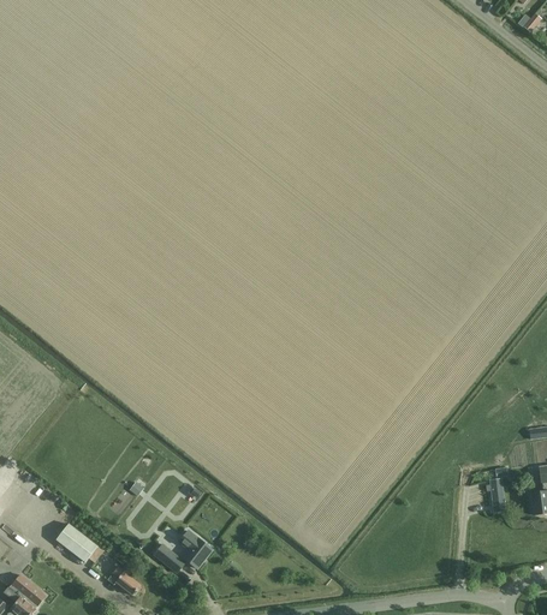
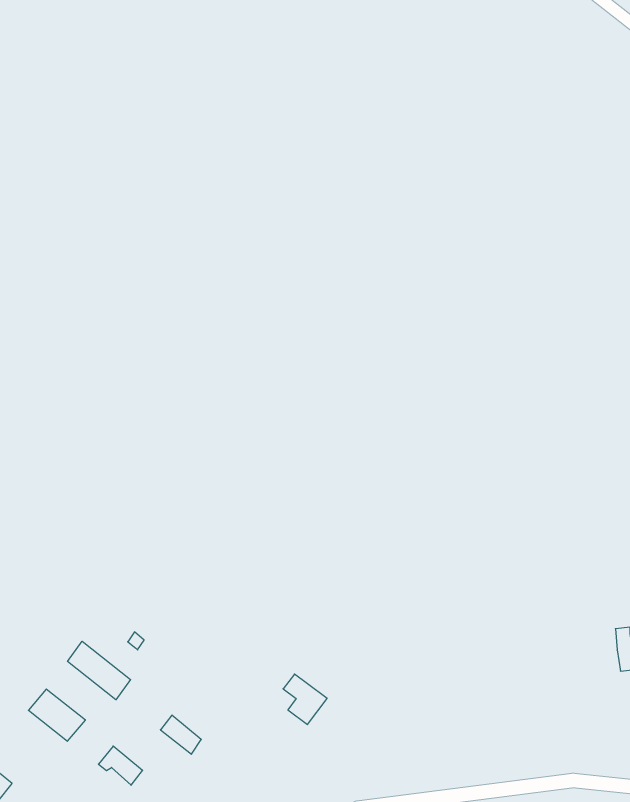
building: none -> [68,641,131,700]
building: [179,531,212,568] -> [283,674,327,725]

